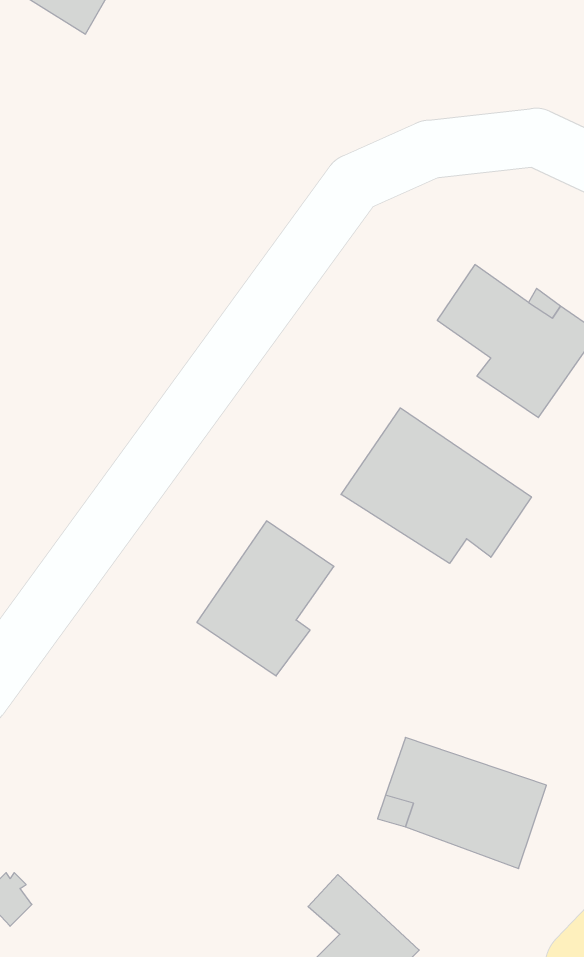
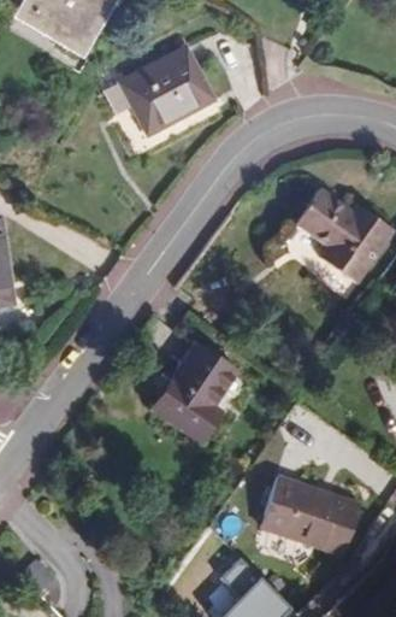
building: none -> [119,47,214,136]
building: [341,408,531,563] -> none

